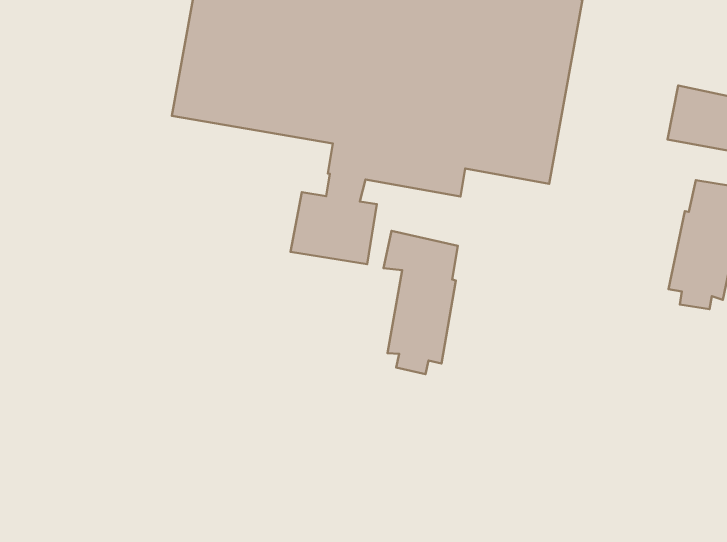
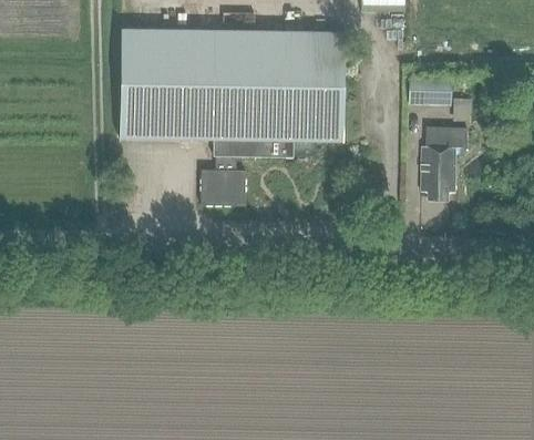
building: [383,231,458,374] -> none

